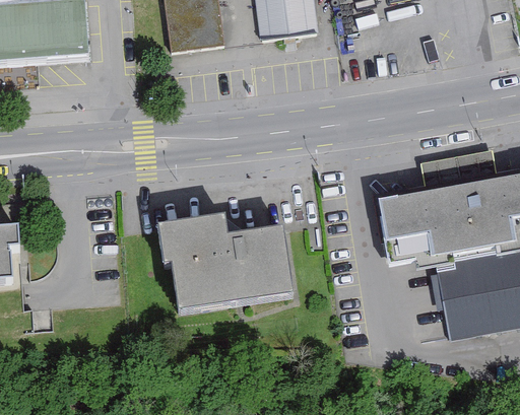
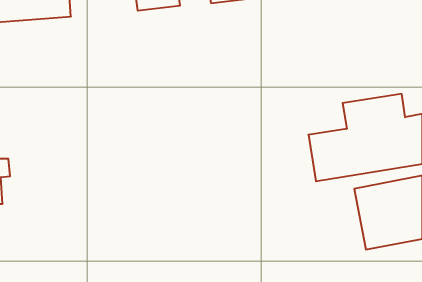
building: [166,218,295,312] -> none

